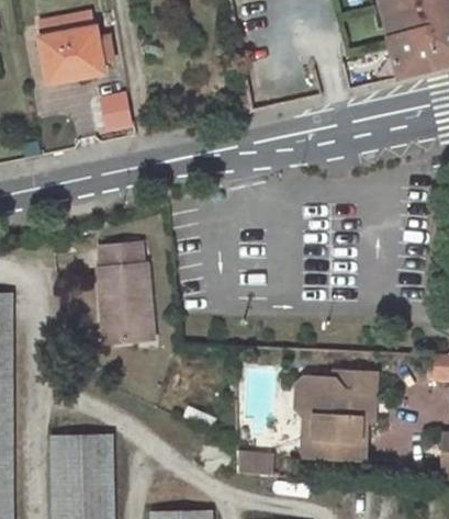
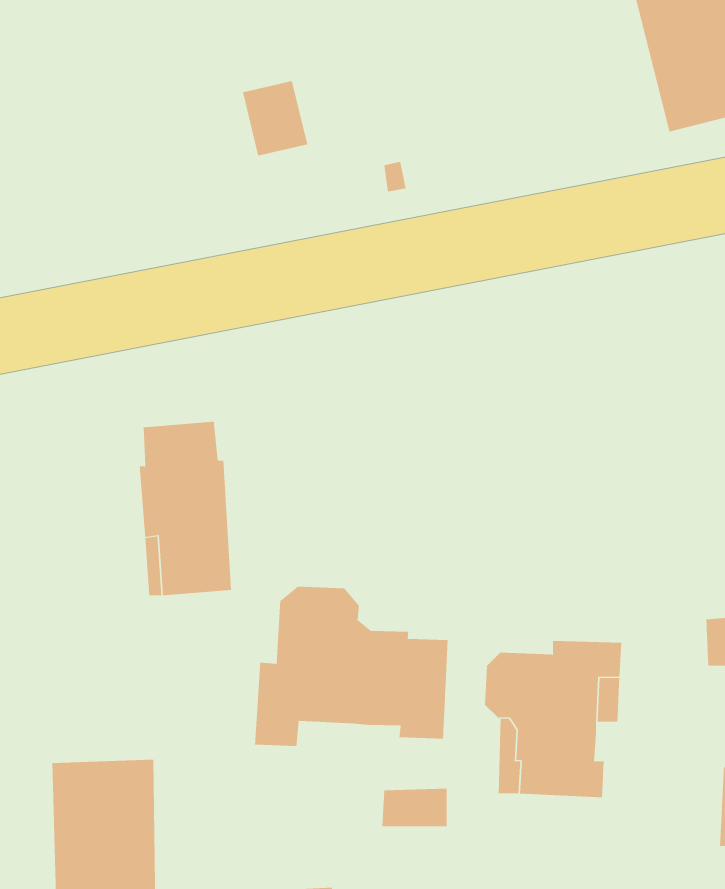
building: [38,25,98,78] -> none
building: [98,90,135,133] -> [242,81,308,156]
building: none -> [254,586,448,747]

